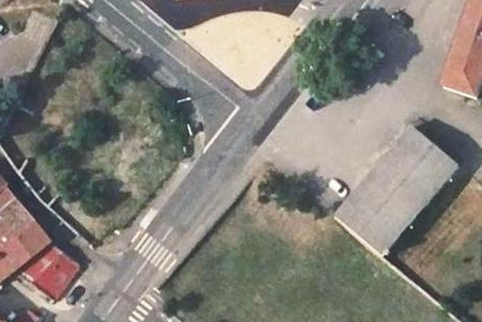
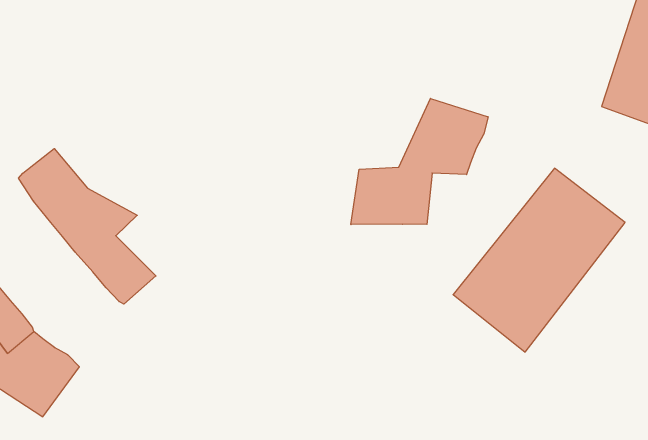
building: none -> [351,98,488,225]
building: none -> [19,149,156,304]

